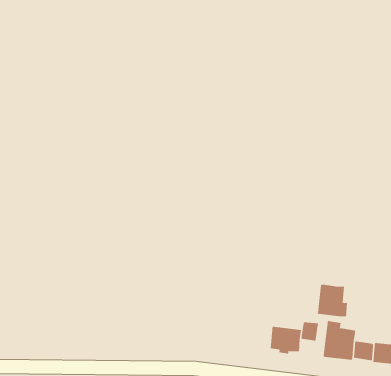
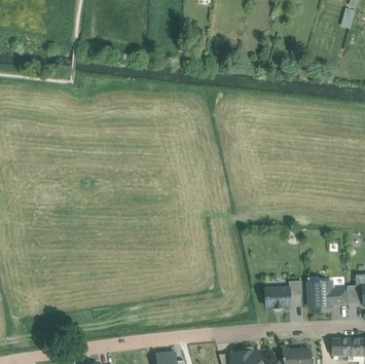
building: [316,284,347,317] -> none

